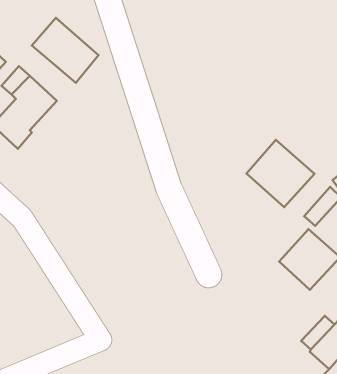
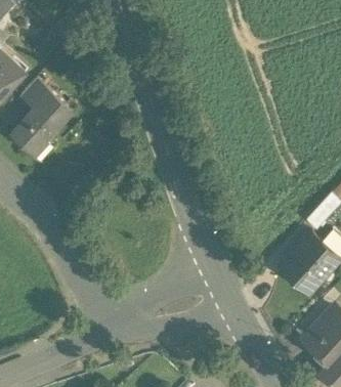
building: [32,18,99,83] -> none
building: [247,140,314,207] -> none

